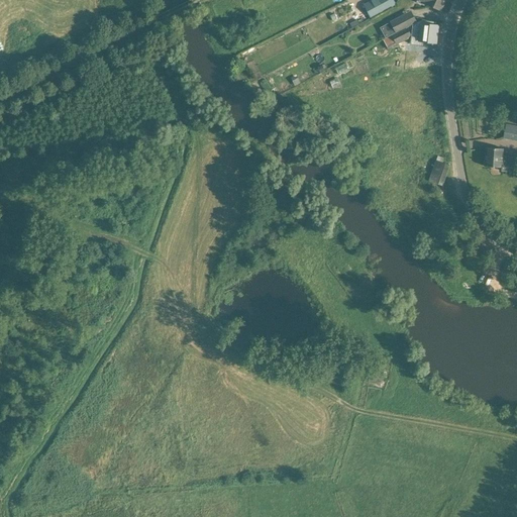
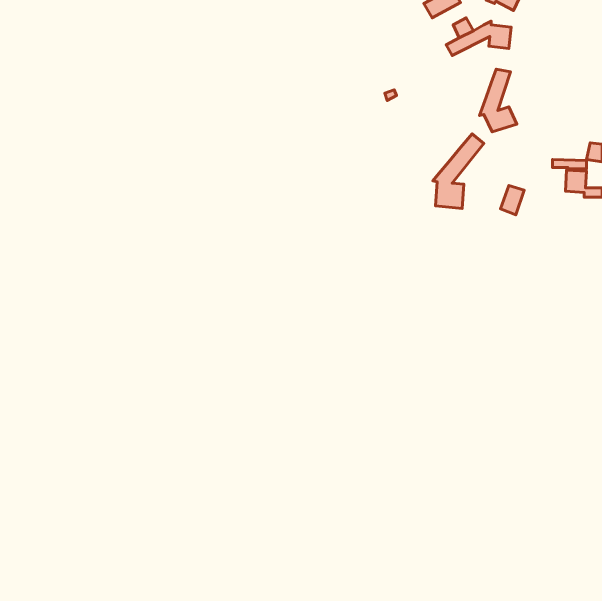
building: none -> [480,69,517,132]
building: none -> [433,134,484,209]

